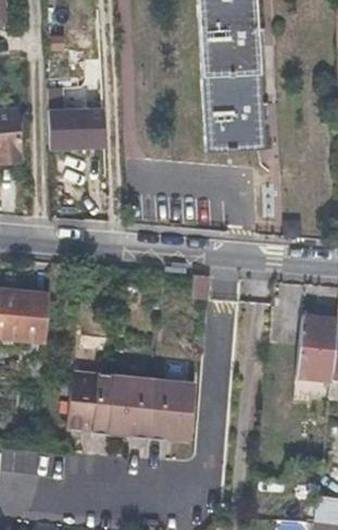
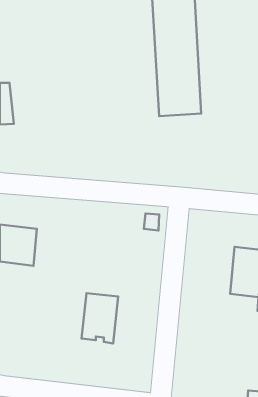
building: [50,106,114,150] -> none
building: [66,373,113,436] -> none
building: [147,381,196,443] -> none

